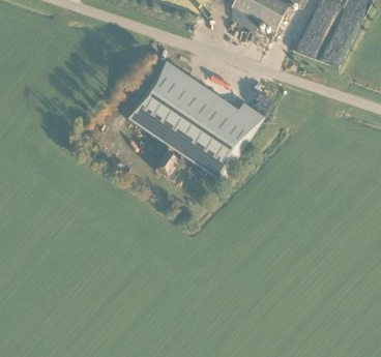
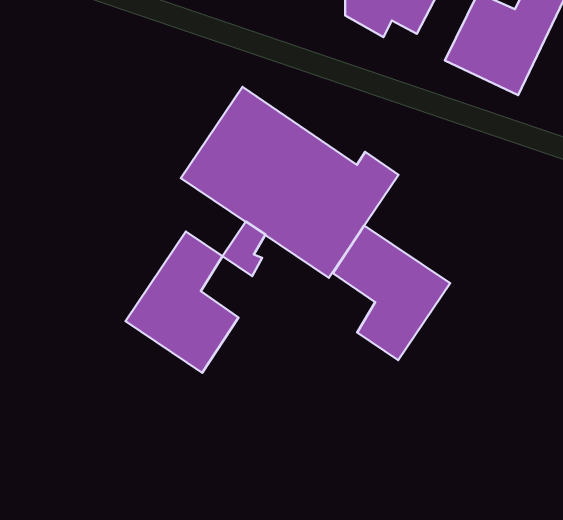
building: none -> [333,225,450,360]
building: none -> [125,232,239,373]

